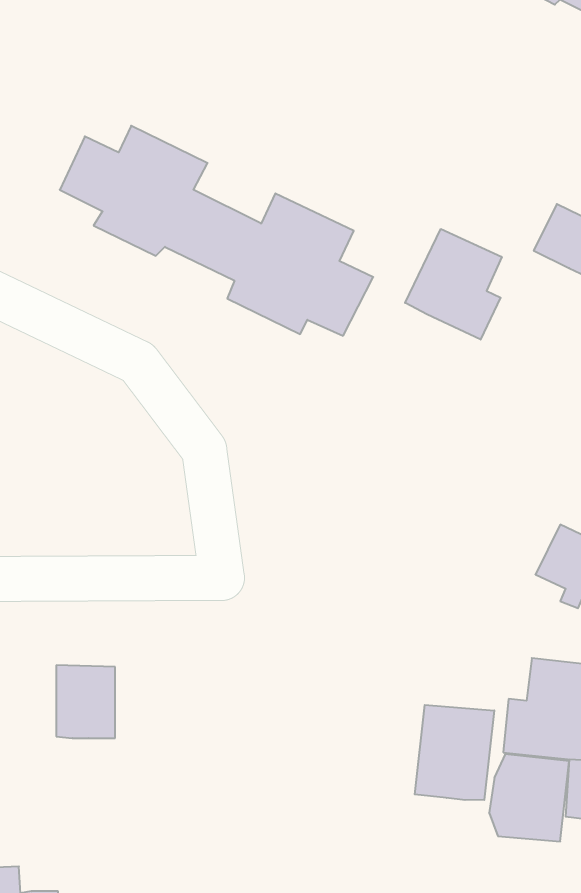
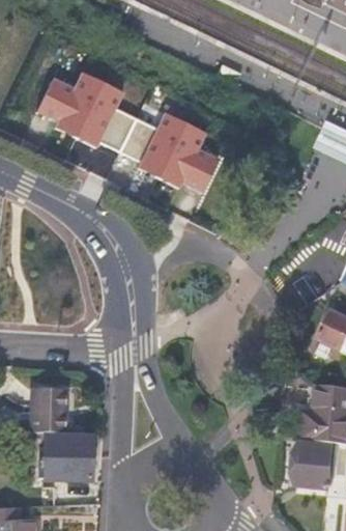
building: [405,229,502,340] -> none
building: [415,705,494,800] -> none
building: none -> [37,430,91,477]

